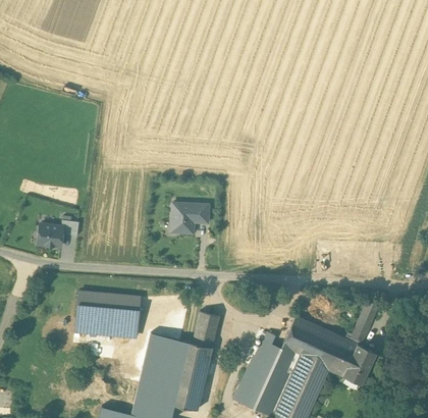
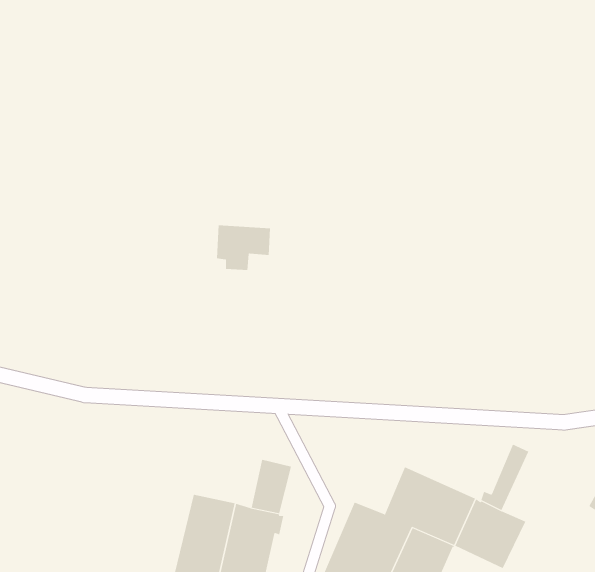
building: [171,204,208,234] -> [216,225,271,271]
building: [35,223,65,247] -> none
building: [74,294,140,334] -> none

